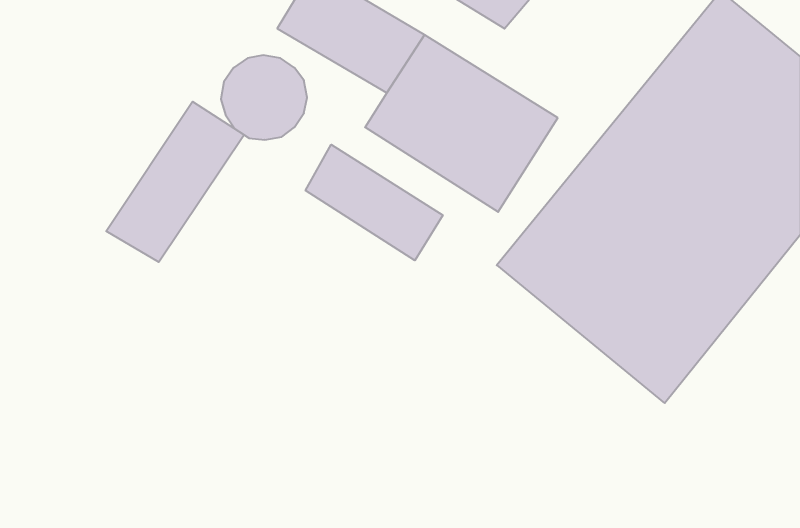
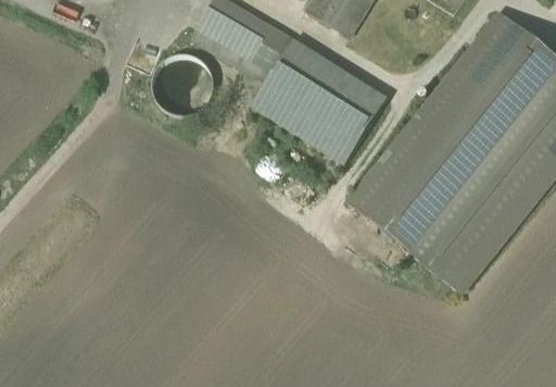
building: [106,102,244,262] -> none
building: [306,145,443,260] -> none

